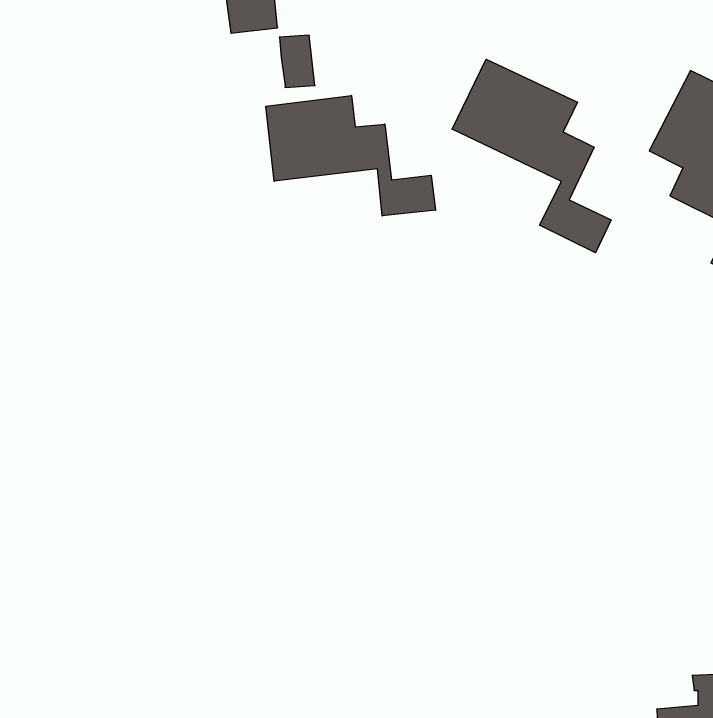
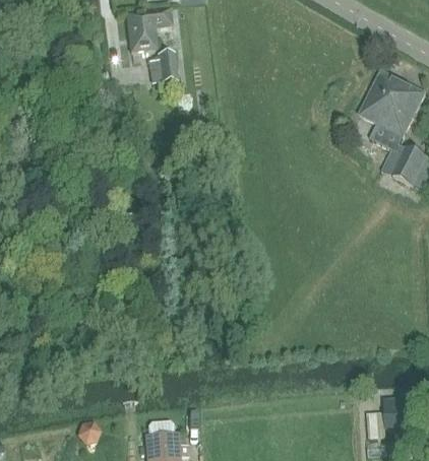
building: [452,59,611,253] -> none
building: [266,95,436,216] -> none

